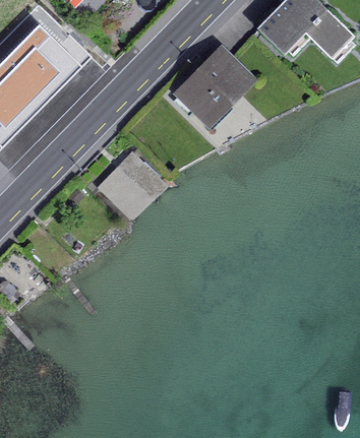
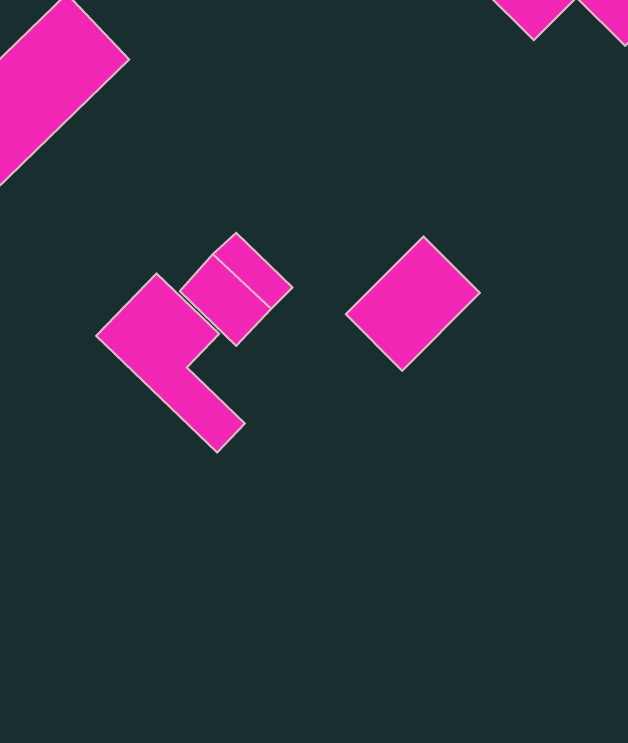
building: [177,49,247,119] -> [346,236,480,371]
building: none -> [96,273,245,452]

